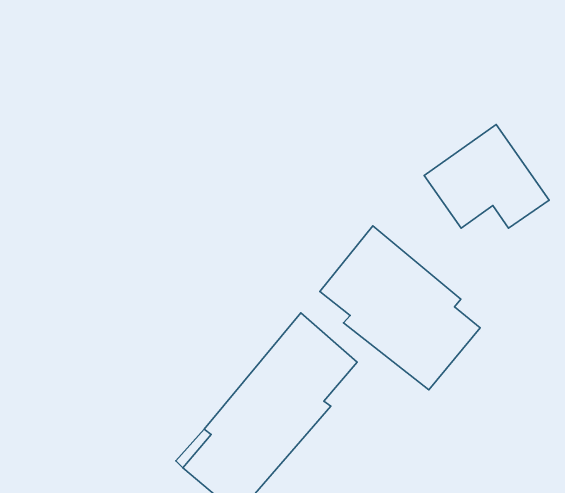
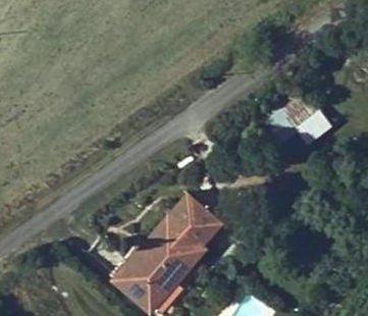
building: [320,226,480,390] -> none

